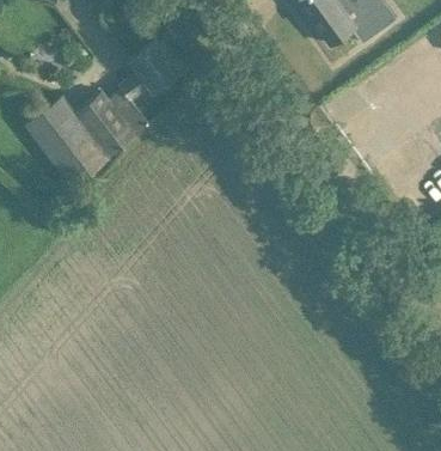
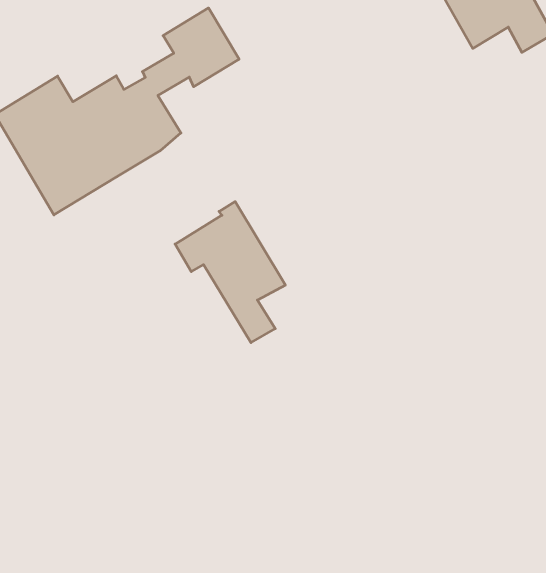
building: none -> [175,202,285,343]

